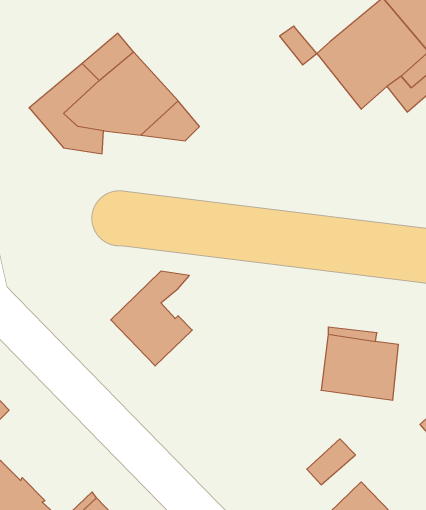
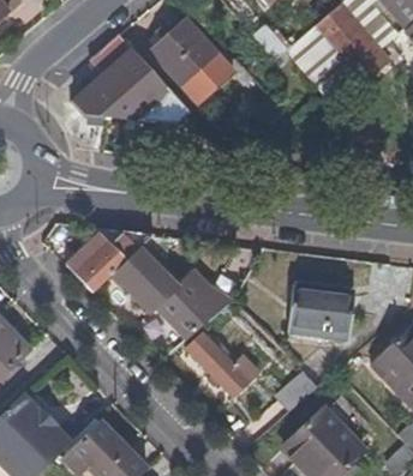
building: none -> [150,20,253,102]
building: none -> [77,229,155,293]
building: none -> [136,277,233,357]
building: none -> [186,335,258,397]

